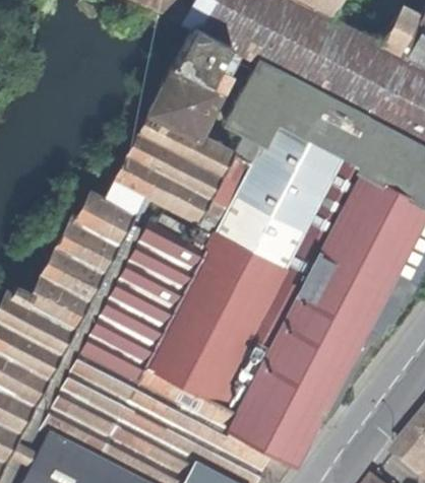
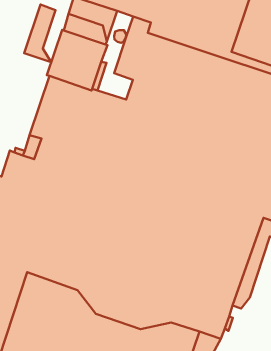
building: none -> [24,5,56,62]

